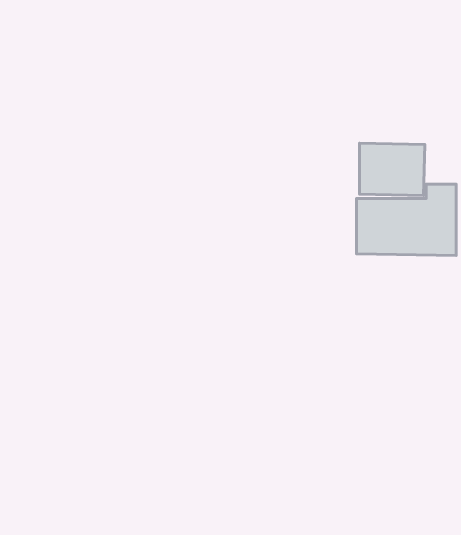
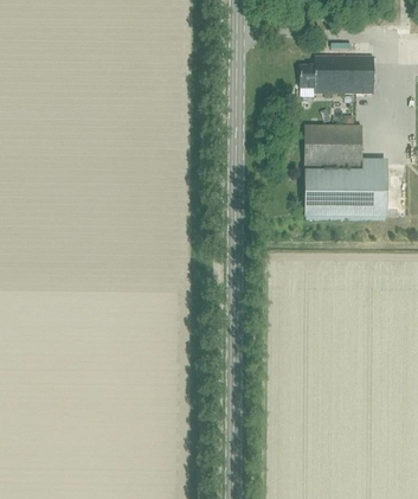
building: none -> [300,55,373,92]

